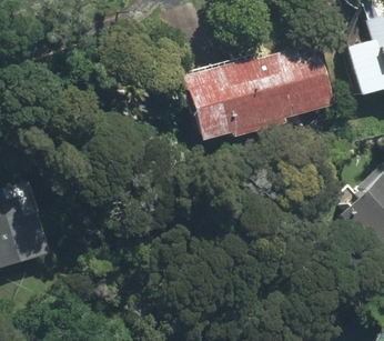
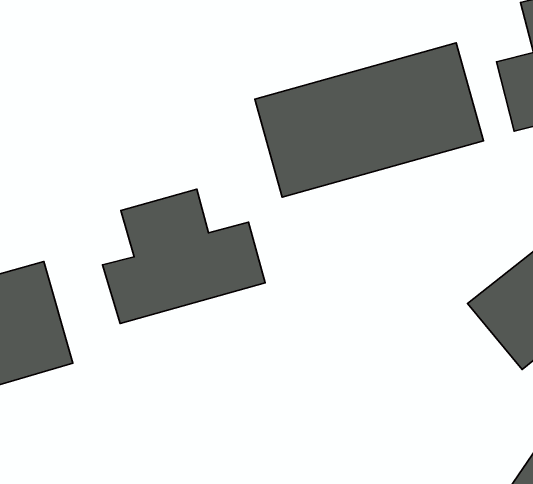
building: none -> [103,189,265,324]

